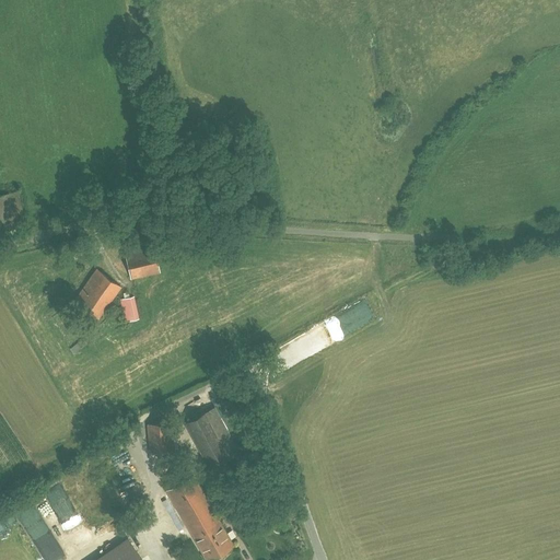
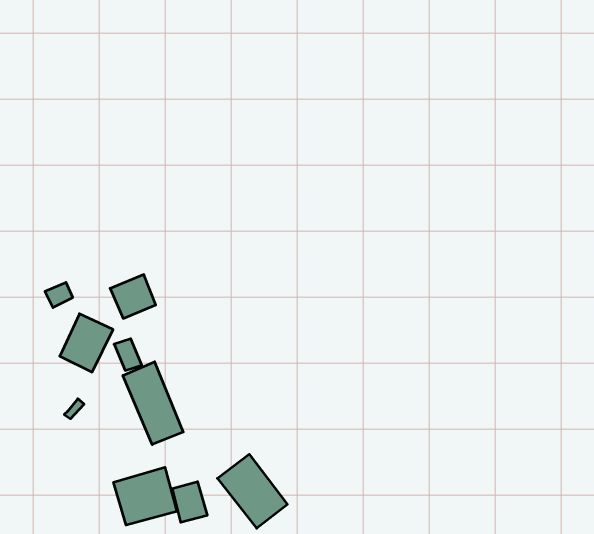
building: none -> [123,362,183,445]
building: none -> [114,467,177,525]

